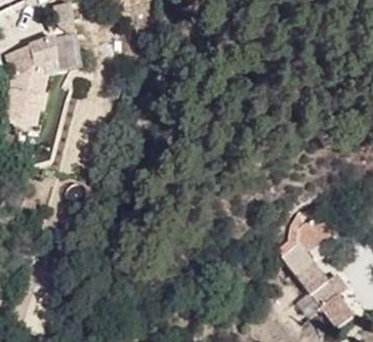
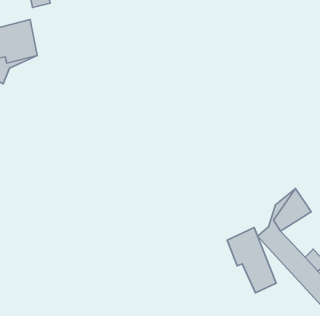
building: none -> [227,227,276,293]

